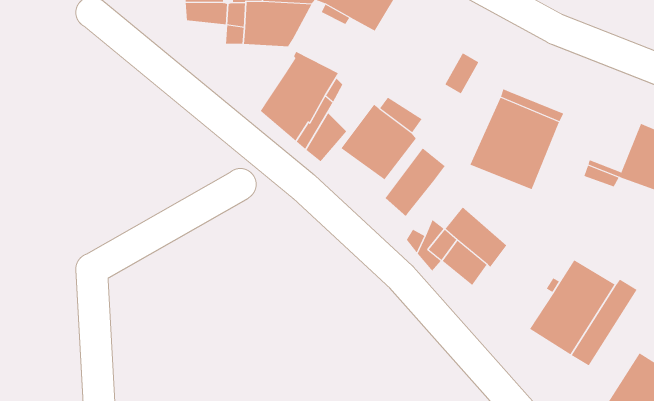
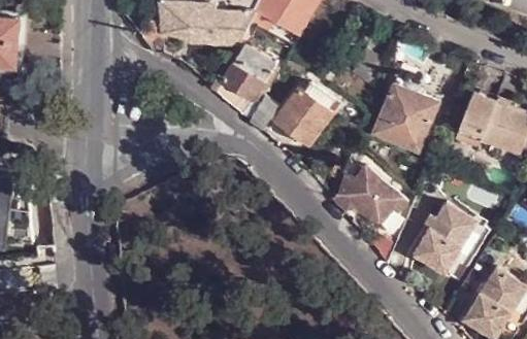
building: none -> [459,92,497,137]
building: [385,147,445,217] -> none

